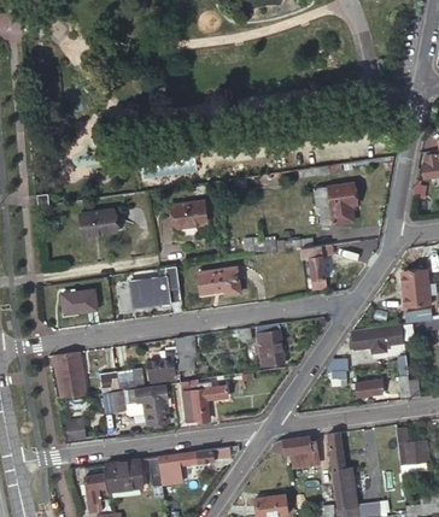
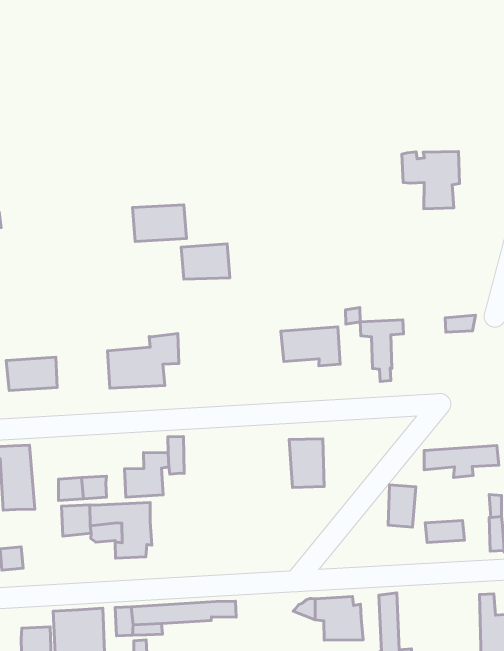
building: [316,183,357,224] -> [402,152,459,209]
building: [77,208,116,236] -> [132,205,186,241]
building: [198,268,240,295] -> [281,327,340,366]
building: [181,380,228,422] -> none

